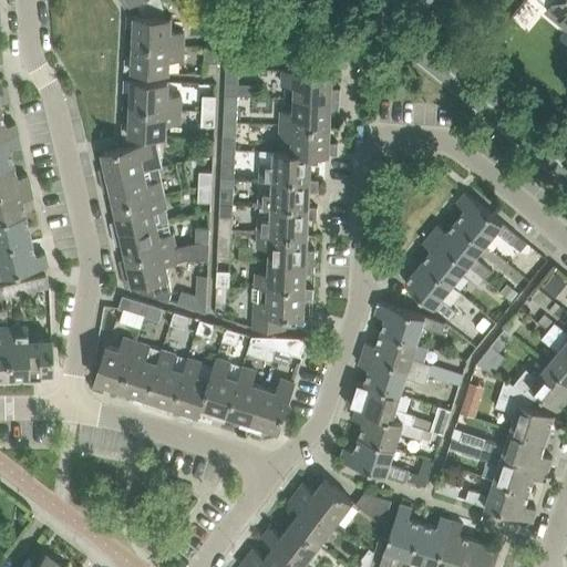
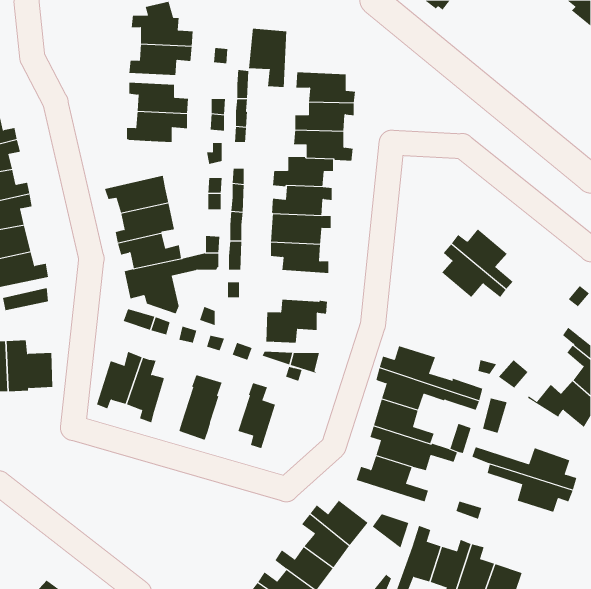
building: none -> [249,28,287,88]
building: [97,137,163,184] -> none
building: [456,194,527,254] -> none
building: [255,261,315,291] -> none
building: [404,264,456,322] -> none
building: [374,303,445,344] -> none
building: [145,352,187,415] -> none
building: [199,360,241,424] -> none
building: [250,381,295,435] -> none
building: [496,383,554,443] -> none
building: [465,482,535,524] -> none

